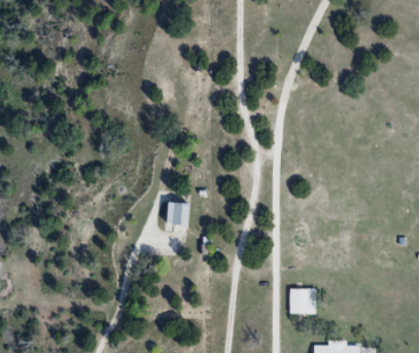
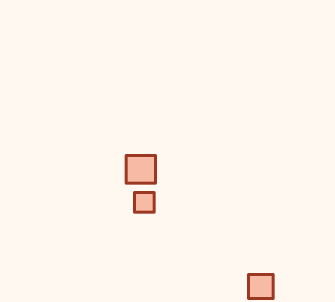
building: none -> [126,155,156,183]

